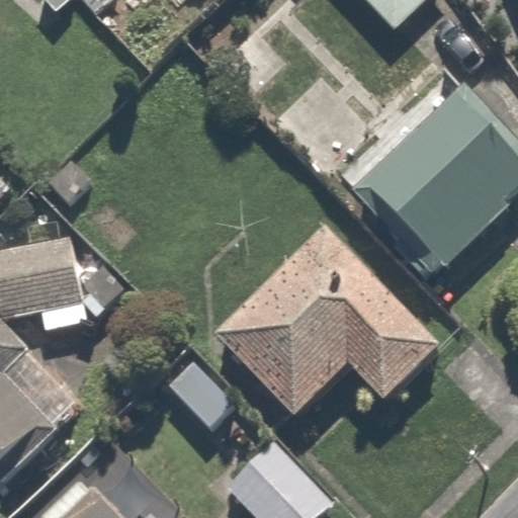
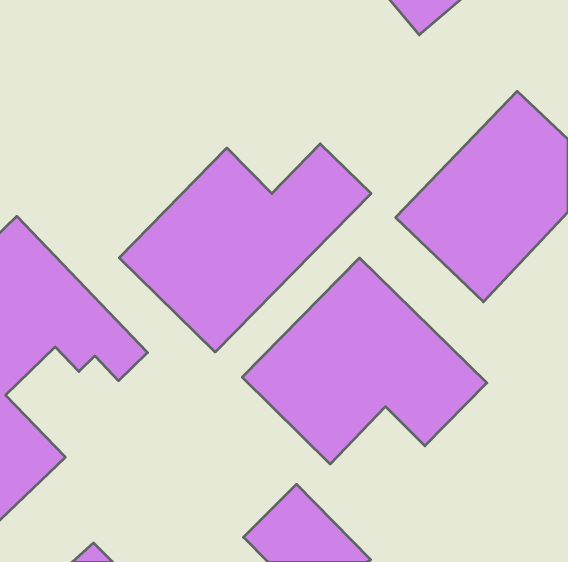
building: none -> [119,144,371,352]

